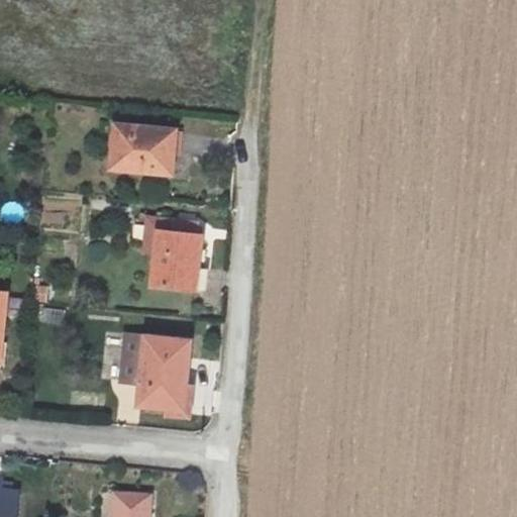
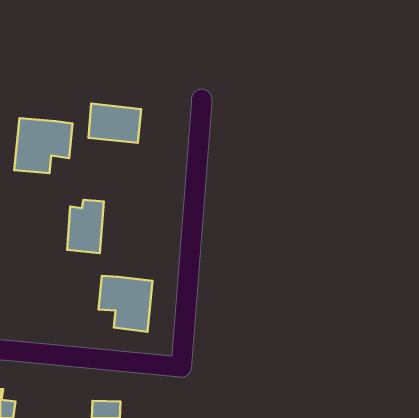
building: none -> [14,118,73,173]
building: [152,223,198,289] -> [67,200,104,253]

